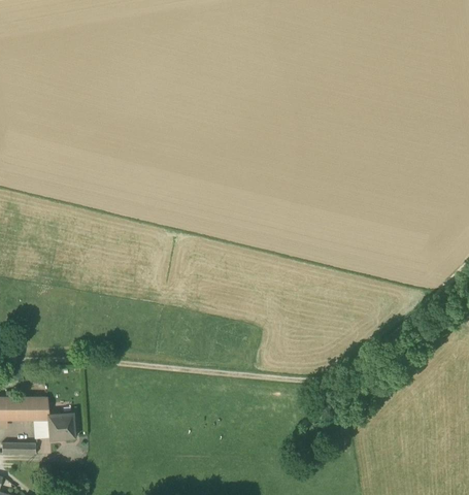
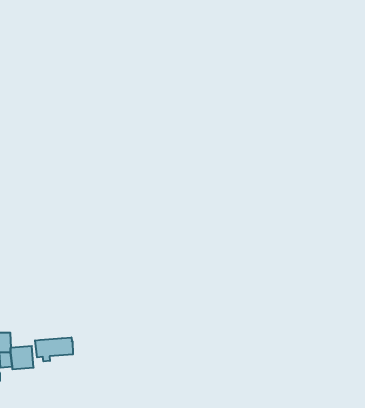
building: none -> [35,337,73,361]

